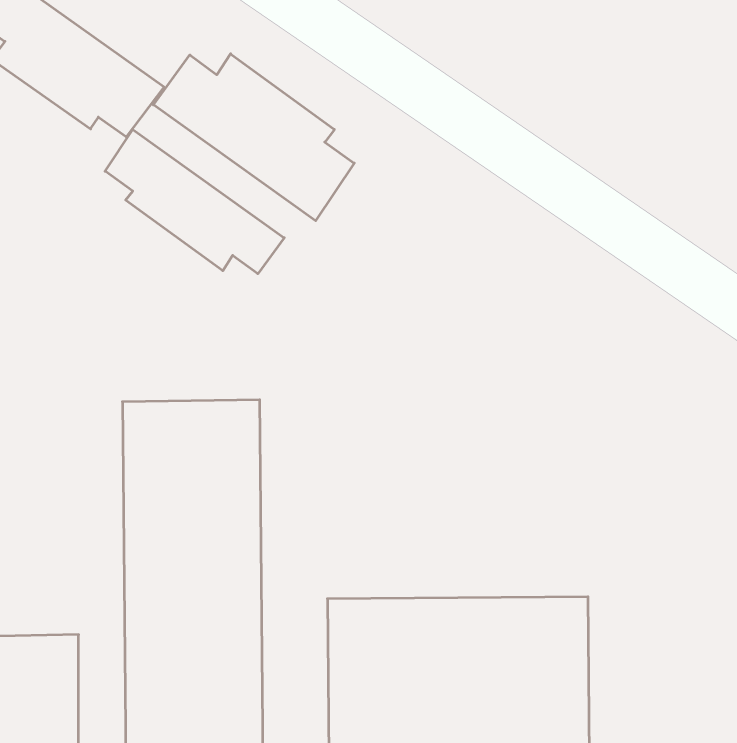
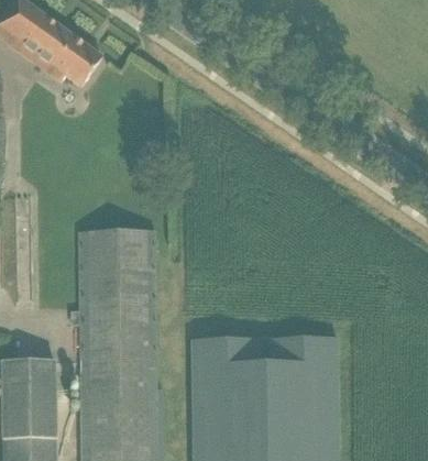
building: [153,54,354,221] -> none
building: [105,129,284,274] -> none

